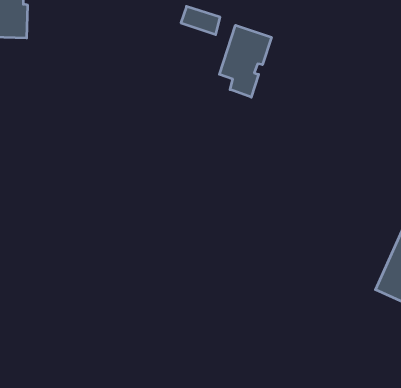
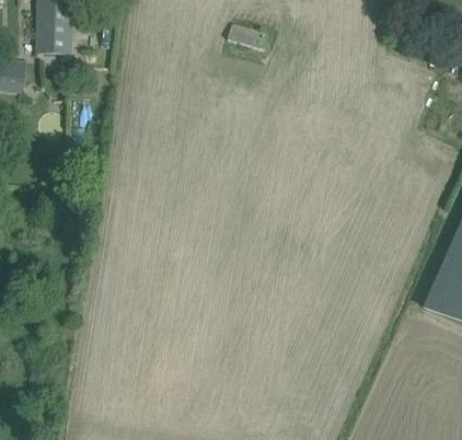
building: [219,25,271,97] -> none

